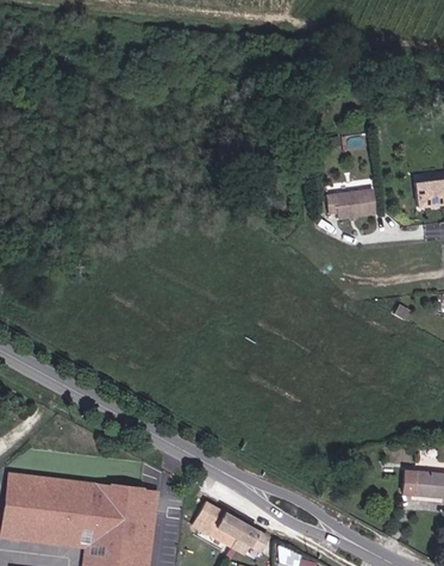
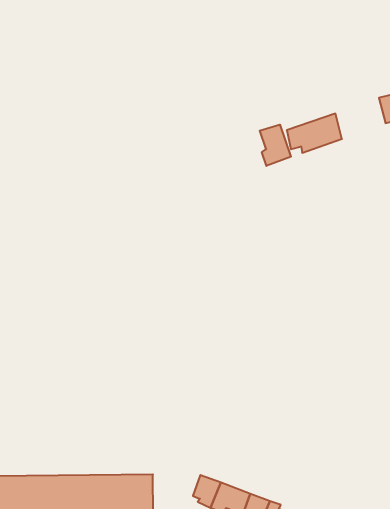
building: none -> [260,125,291,166]

